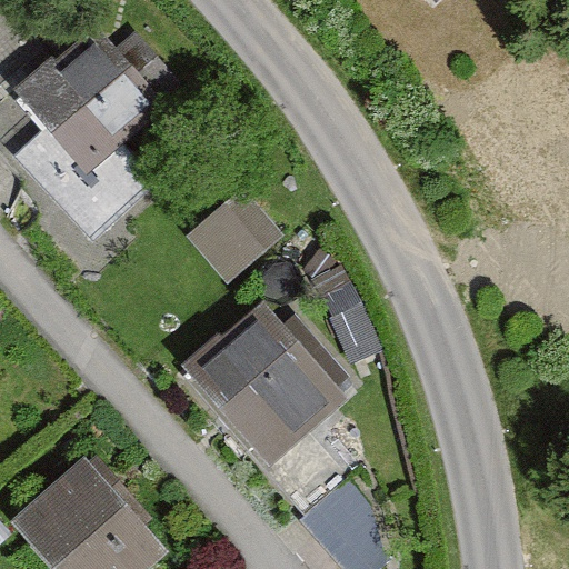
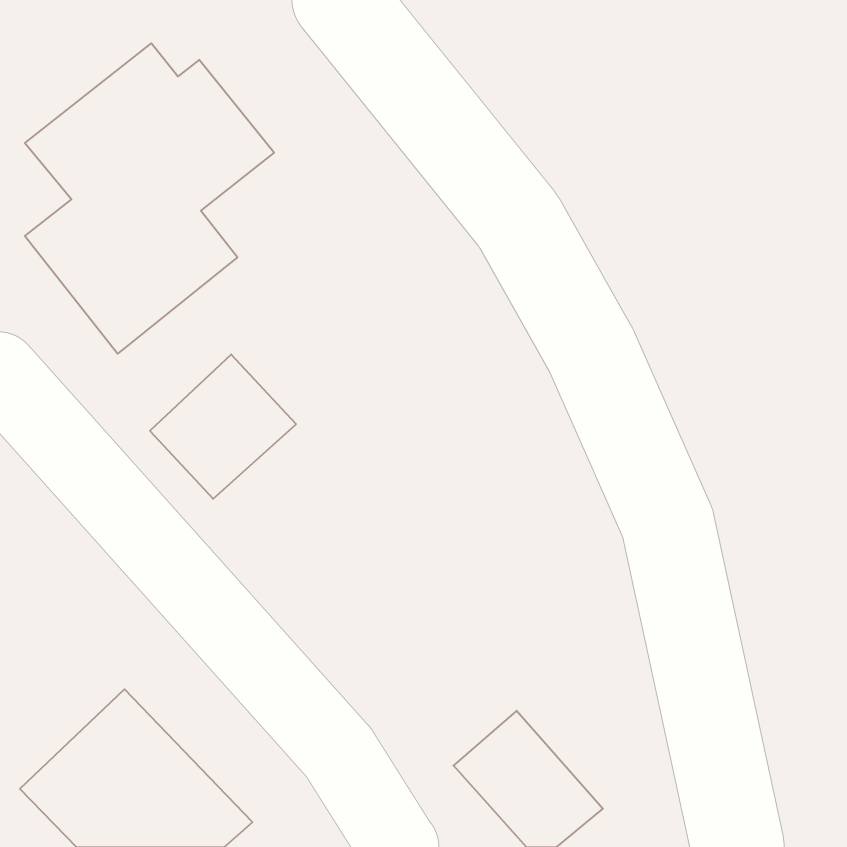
building: [183,191,281,288] -> [150,354,296,499]
building: [183,302,345,465] -> none

